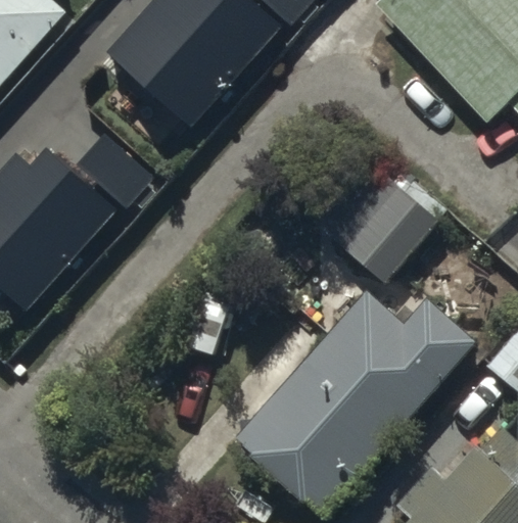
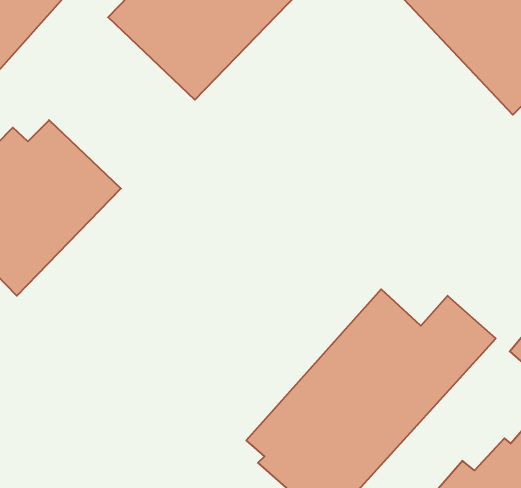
building: [318,167,438,287] -> none

